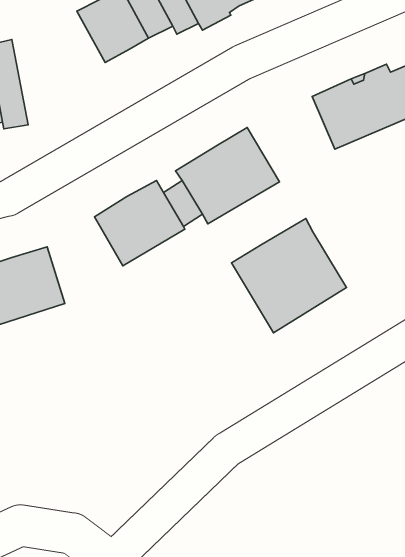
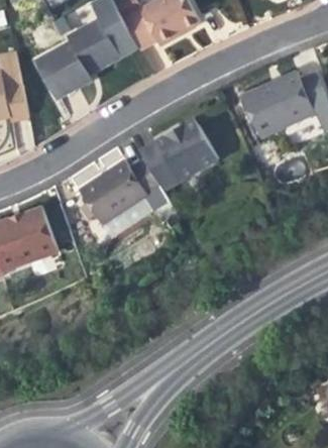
building: none -> [34,41,90,98]
building: [231,219,347,333] -> none

